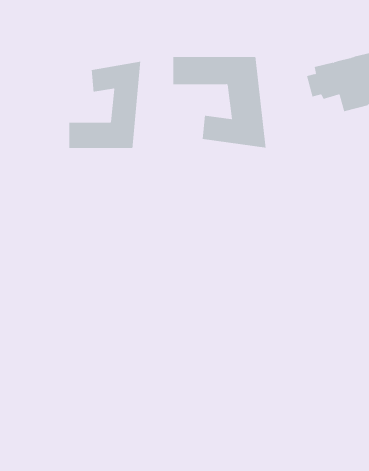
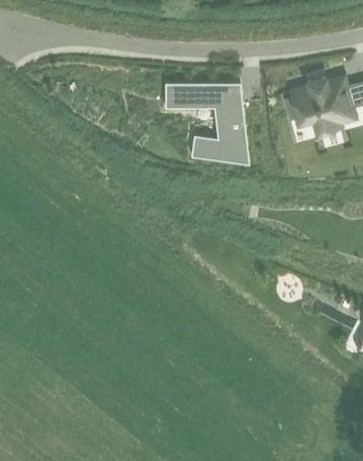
building: [69,61,141,149] -> none

